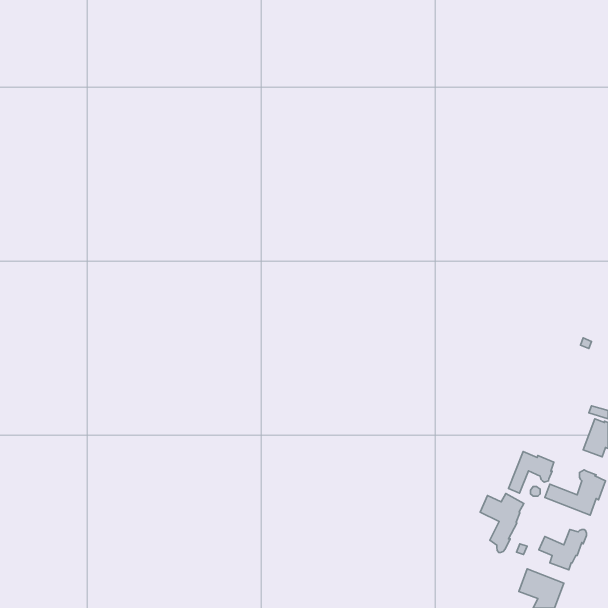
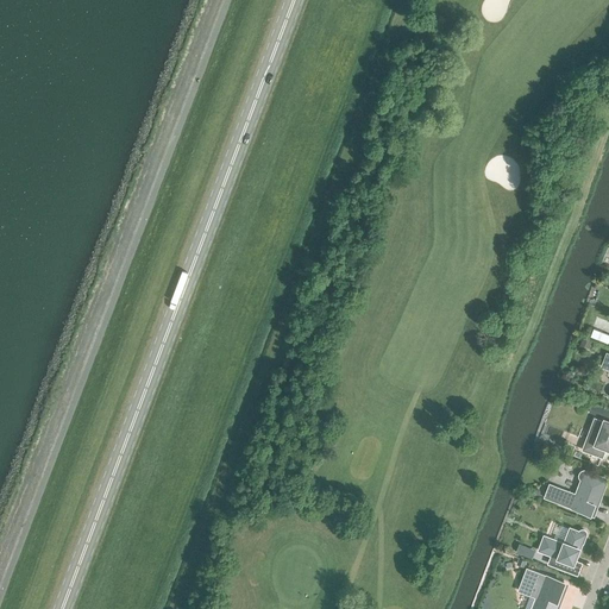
building: [509,451,554,493] -> none
building: [480,493,524,552] -> none

